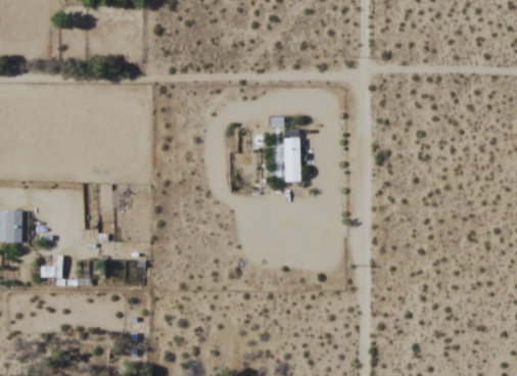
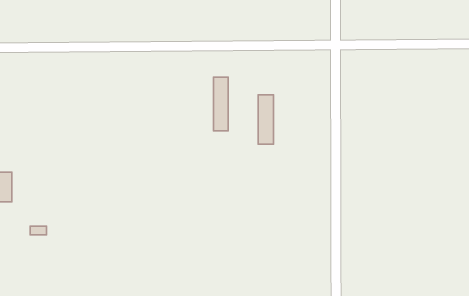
building: none -> [213,77,228,131]

